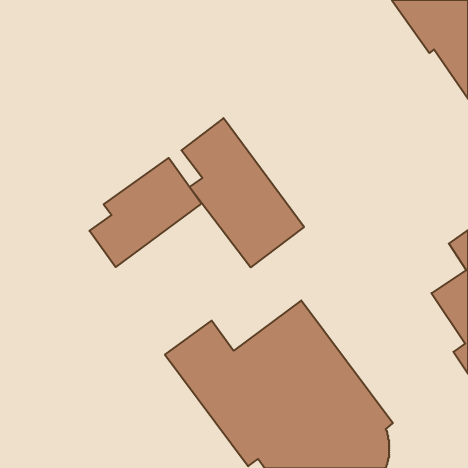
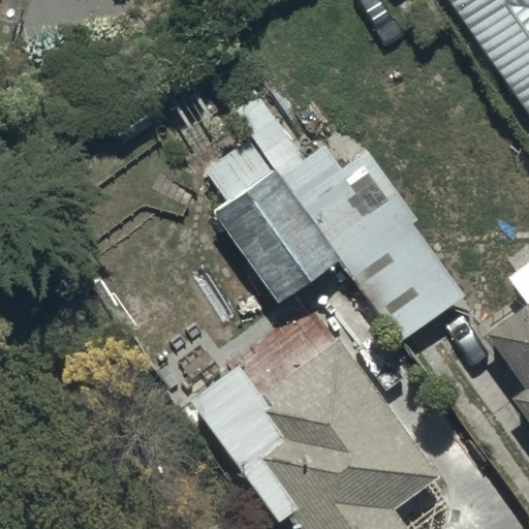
building: none -> [231,85,475,342]
building: [89,158,202,267] -> none

